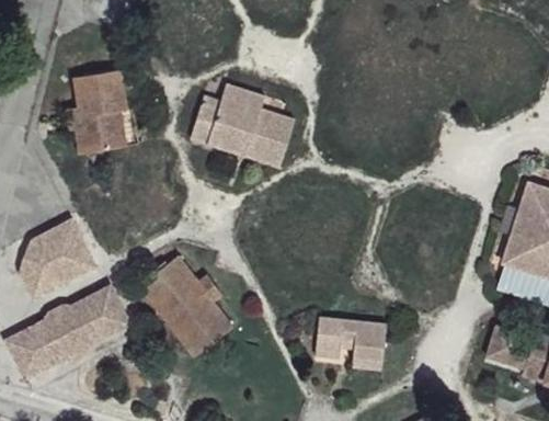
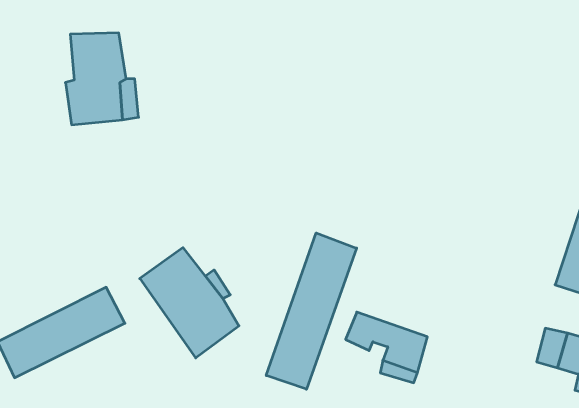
building: [193,84,295,169] -> none
building: [22,219,88,287] -> none
building: none -> [266,233,357,389]

